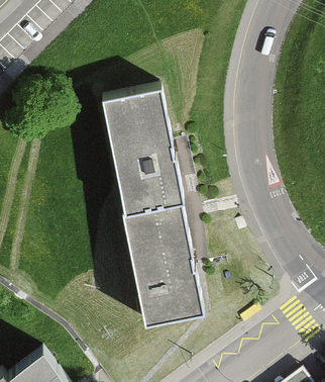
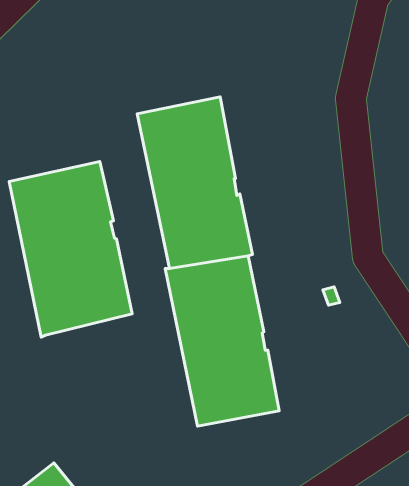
building: none -> [9,161,132,337]

